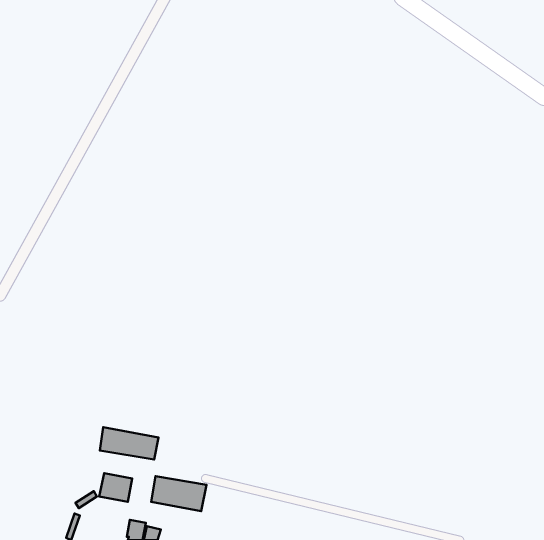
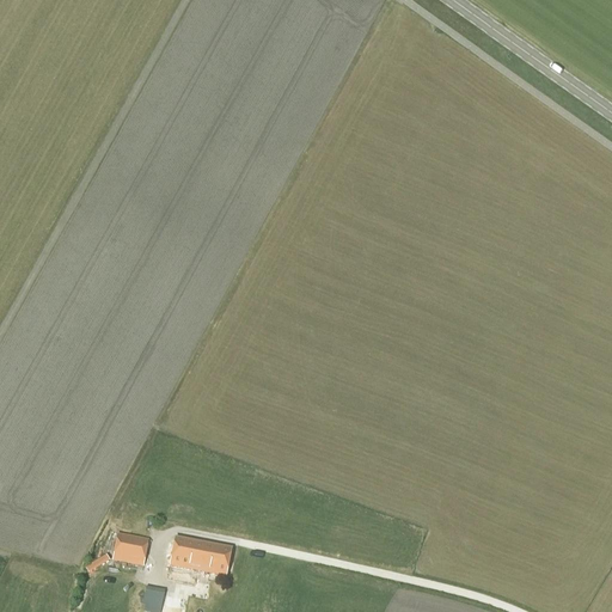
building: [100,427,158,459] -> none

